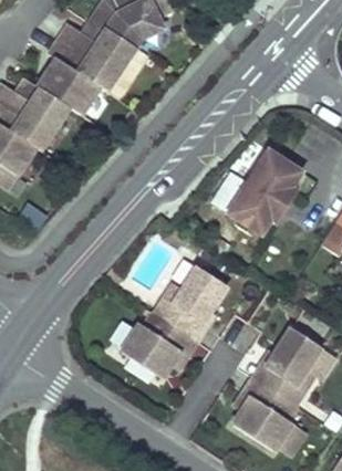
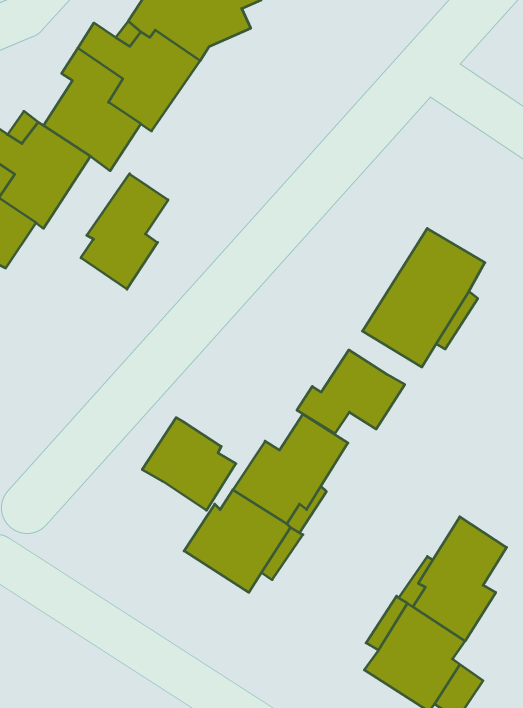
building: none -> [81,174,168,289]
building: none -> [297,350,405,434]
building: none -> [142,418,236,510]

